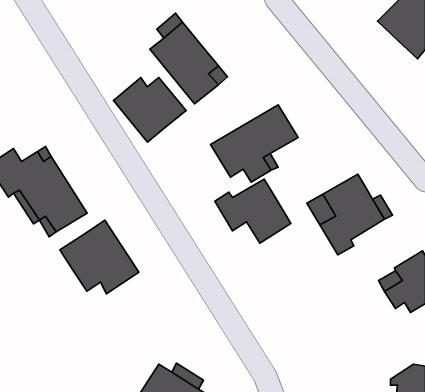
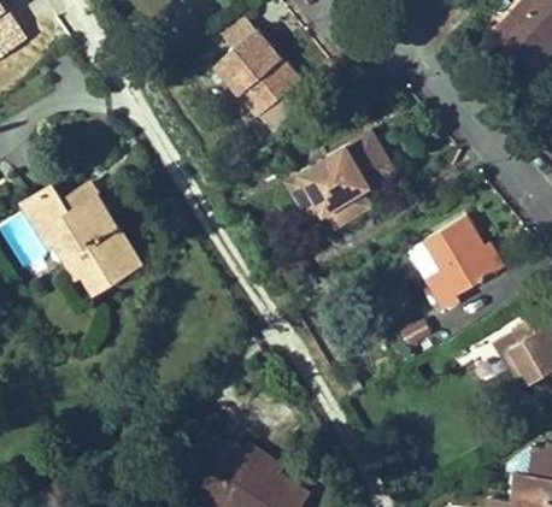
building: [113,77,186,142] -> none
building: [215,179,291,243] -> none
building: [60,220,139,294] -> none

